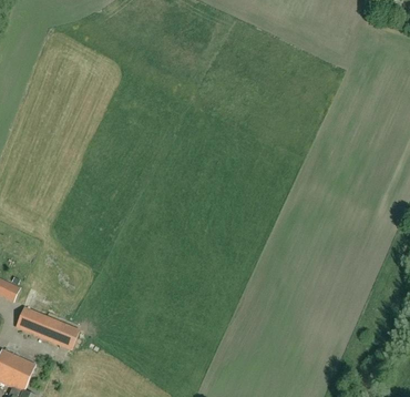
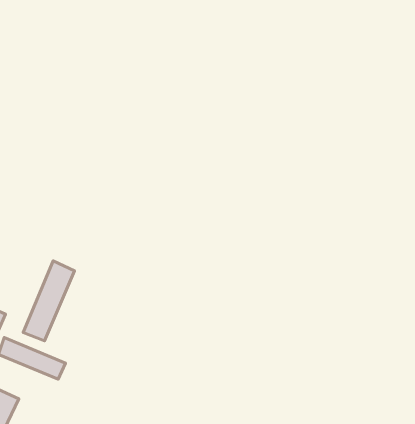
building: none -> [23,261,75,341]

